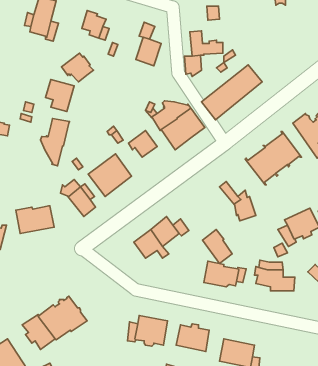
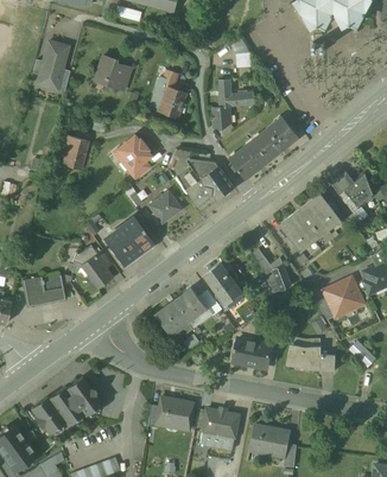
building: [62,53,93,82] -> [114,136,150,168]
building: [40,118,70,166] -> none
building: [203,230,232,264] -> [205,263,239,301]

